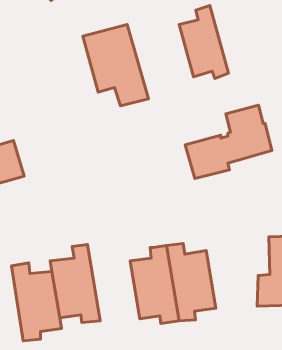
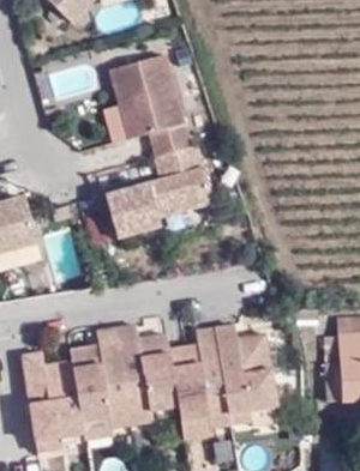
building: [179,5,229,79] -> none
building: [185,105,272,179] -> [104,145,212,236]
building: none -> [115,325,178,422]

